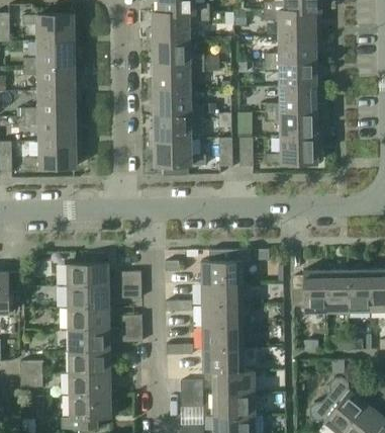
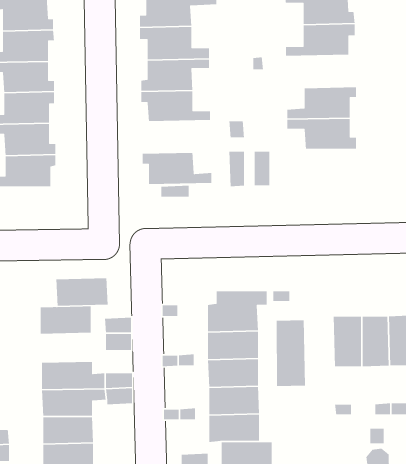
building: [264,61,321,87] -> none
building: [149,113,204,140] -> none
building: [266,137,321,163] -> none
building: none -> [276,320,306,387]
building: [67,284,109,308] -> [56,278,108,306]

